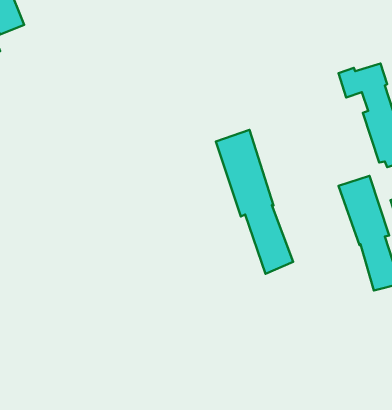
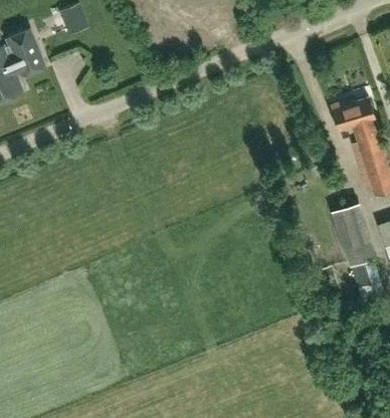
building: [216,130,293,274] -> none

